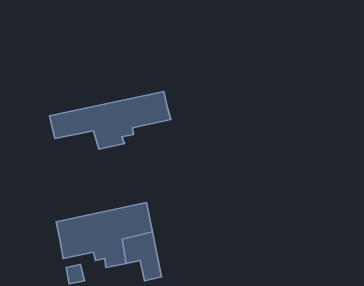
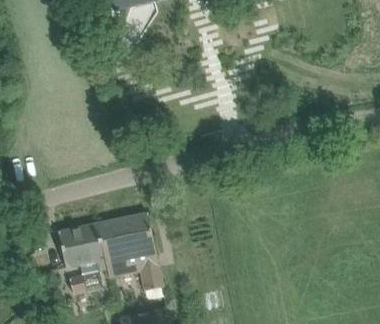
building: [50,91,171,149] -> none

